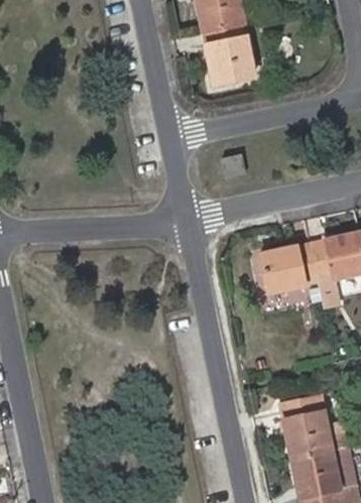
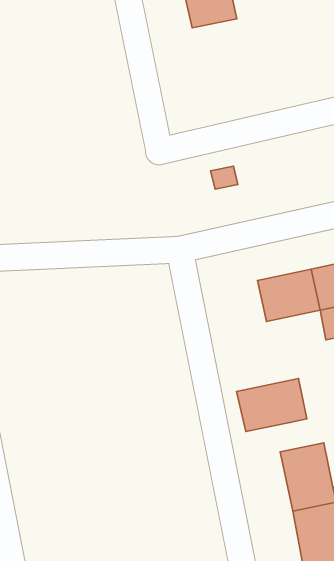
building: [204,23,253,84] -> none
building: none -> [237,378,307,431]

